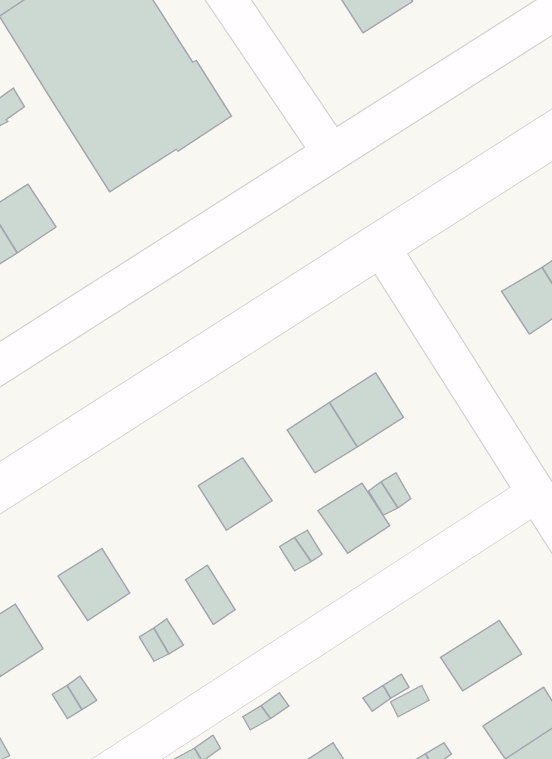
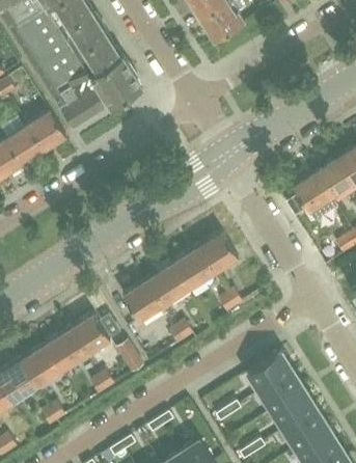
building: none -> [27,112,65,151]
building: [318,483,390,553] -> [147,265,188,304]
building: none -> [69,315,109,356]
building: none -> [20,347,60,387]
building: none -> [246,351,292,392]
building: none -> [271,390,317,431]

